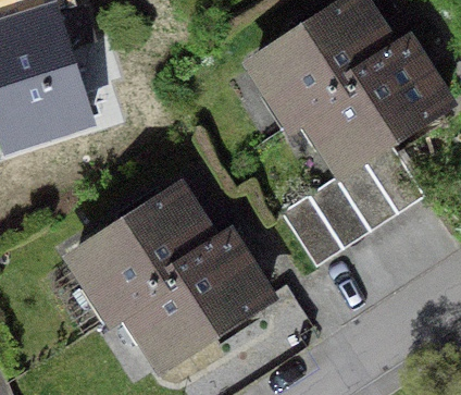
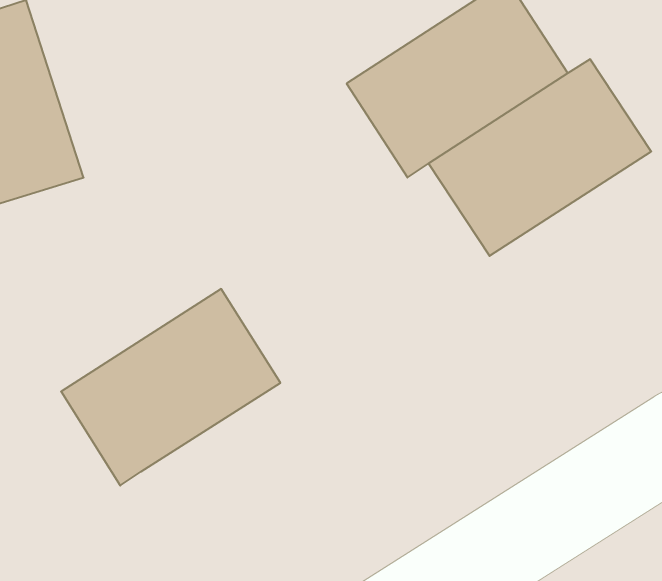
building: [281,140,425,266] -> none
building: [126,239,265,362] -> none

